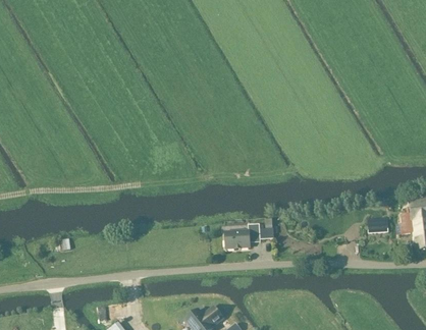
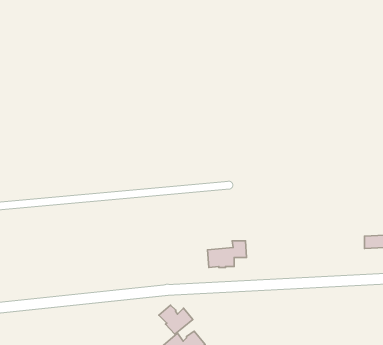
building: none -> [159,305,193,334]

